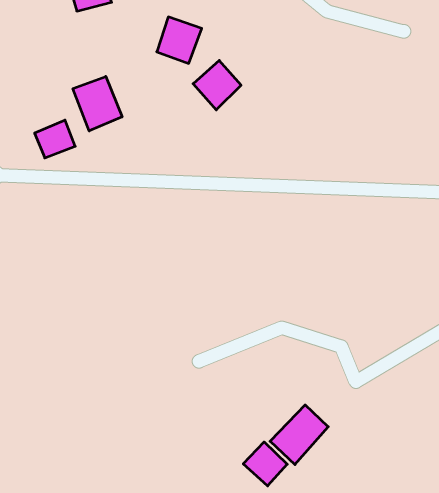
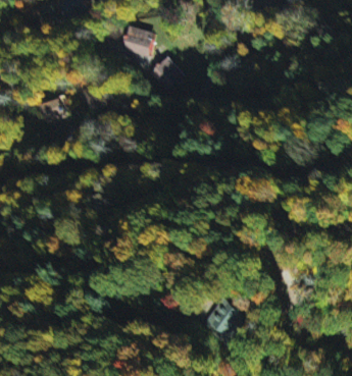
building: [73,76,122,131] -> none
building: [243,442,287,486] -> none

